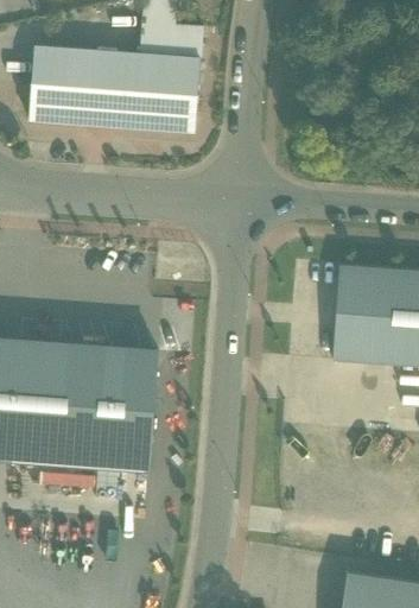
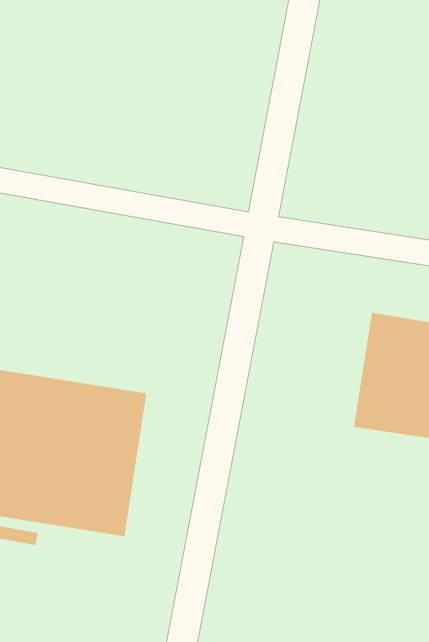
building: [30,49,201,131] -> none

